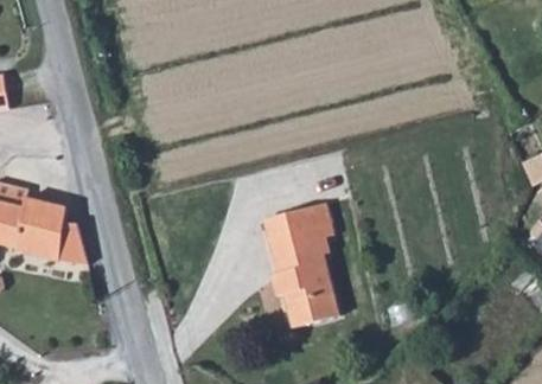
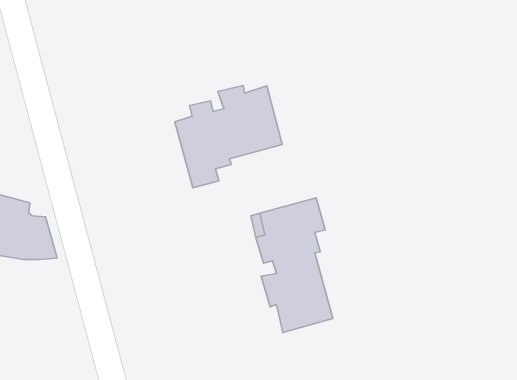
building: none -> [175,85,282,188]

